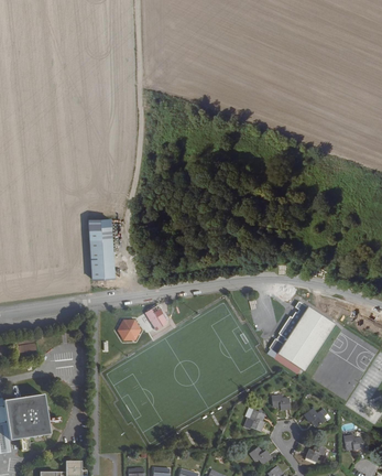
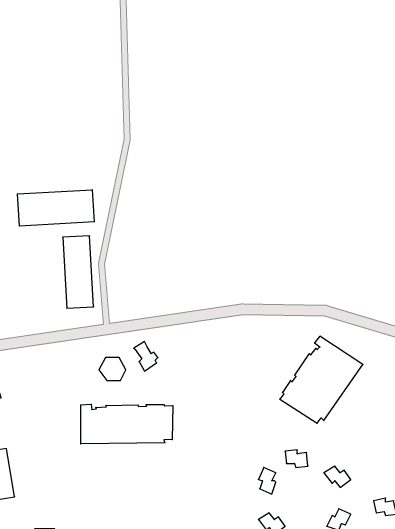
building: none -> [17,190,94,226]
building: none -> [81,404,173,444]

